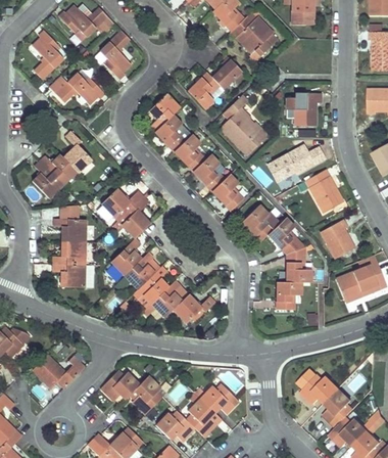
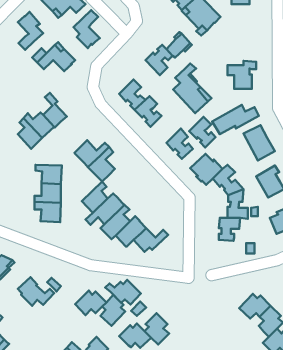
building: [149,94,180,131] -> none
building: [193,154,225,191] -> [189,117,215,147]
building: [194,383,237,413] -> [105,280,141,304]

